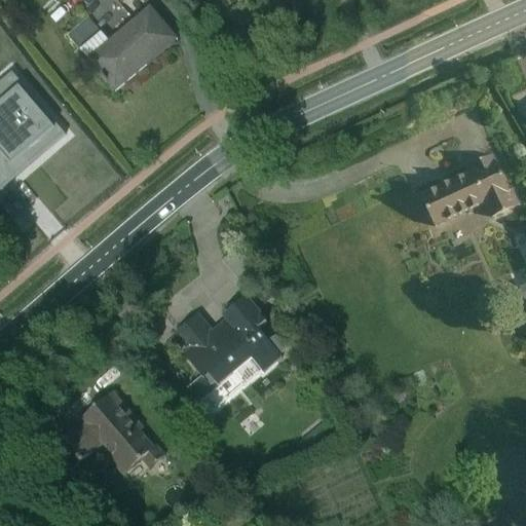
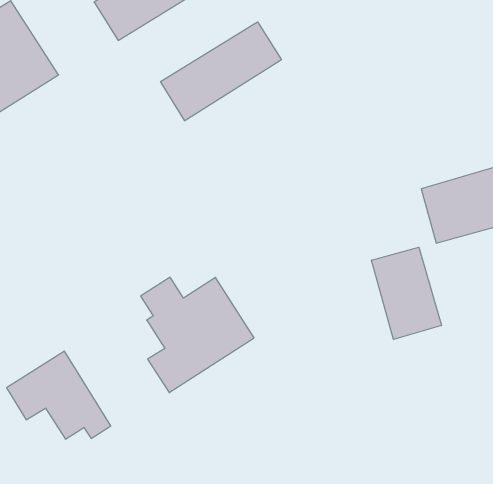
building: none -> [161,22,281,121]
building: none -> [372,247,441,339]

